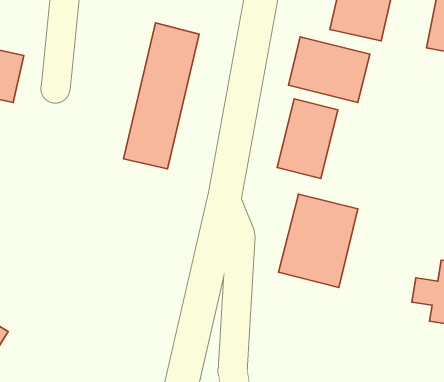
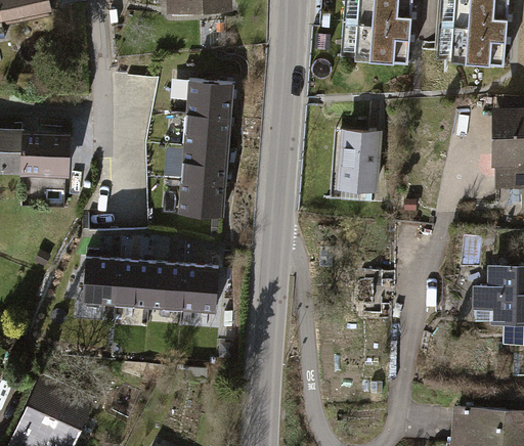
building: [288,37,370,103] -> none
building: none -> [82,261,218,313]
building: [278,194,358,287] -> none

